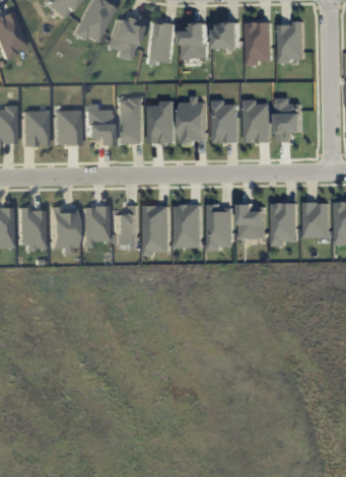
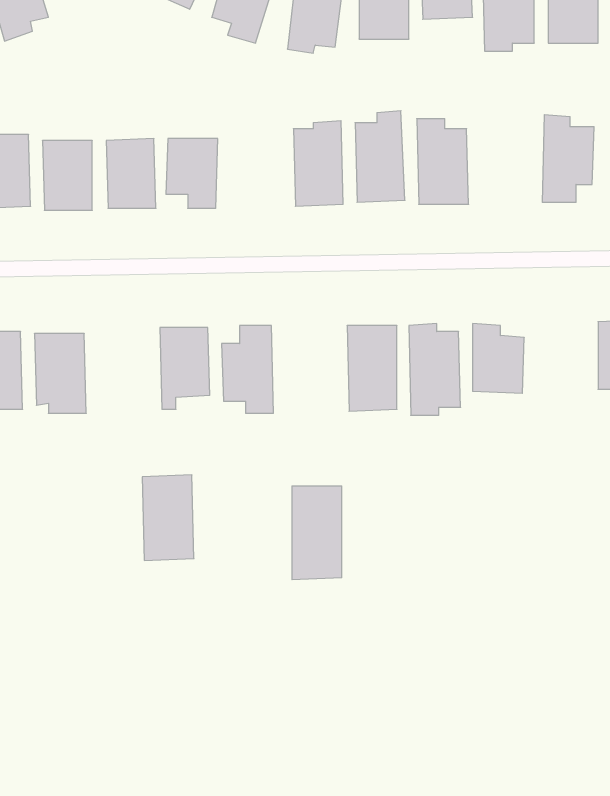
building: [118,98,144,144] -> none
building: [245,99,272,143] -> none
building: [273,203,299,247] -> none
building: [146,206,171,254] -> [292,486,342,580]
building: [50,207,76,251] -> [142,475,194,560]

